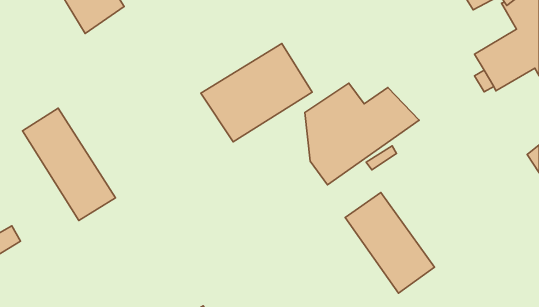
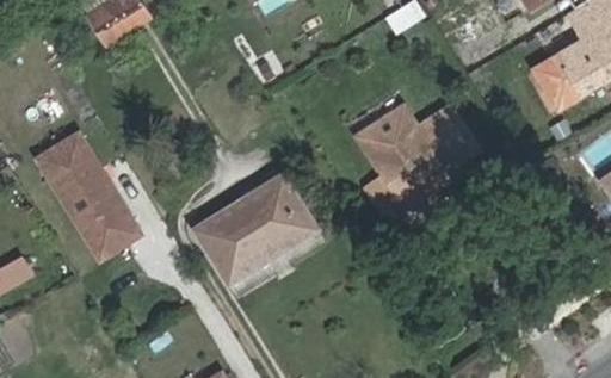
building: [201,44,312,142] -> [195,175,317,284]
building: [345,192,434,293] -> none

